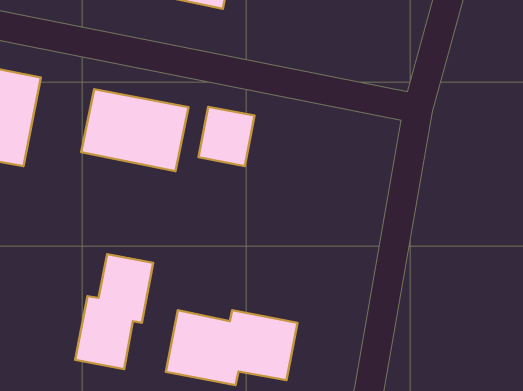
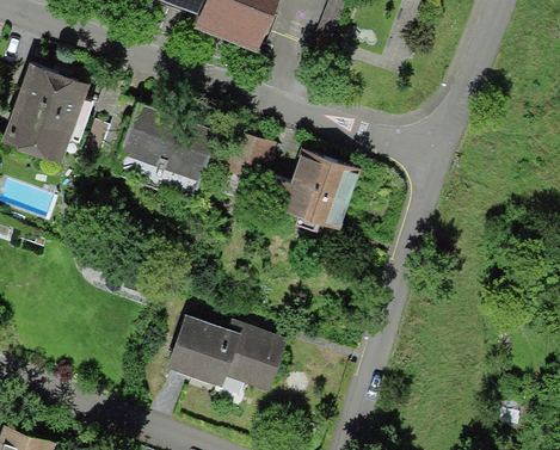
building: none -> [265,152,357,229]
building: [75,254,153,369] -> none

